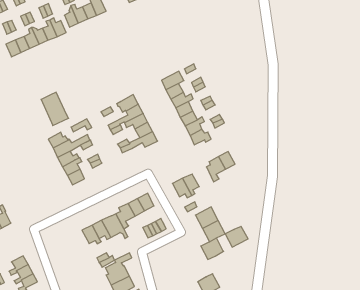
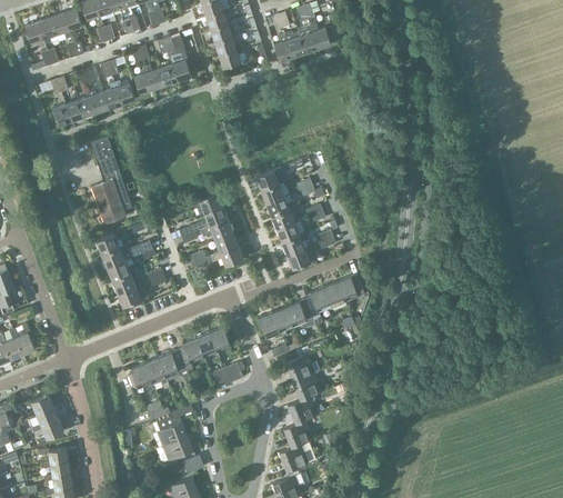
building: none -> [90,137,132,210]
building: none -> [336,273,365,299]
building: none -> [285,299,315,328]
building: [225,226,248,247] -> [283,420,313,447]

